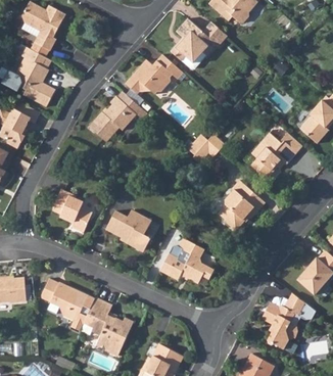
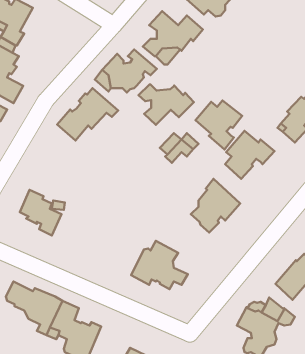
building: none -> [138,84,194,125]
building: none -> [195,100,242,149]
building: [106,209,152,250] -> none

